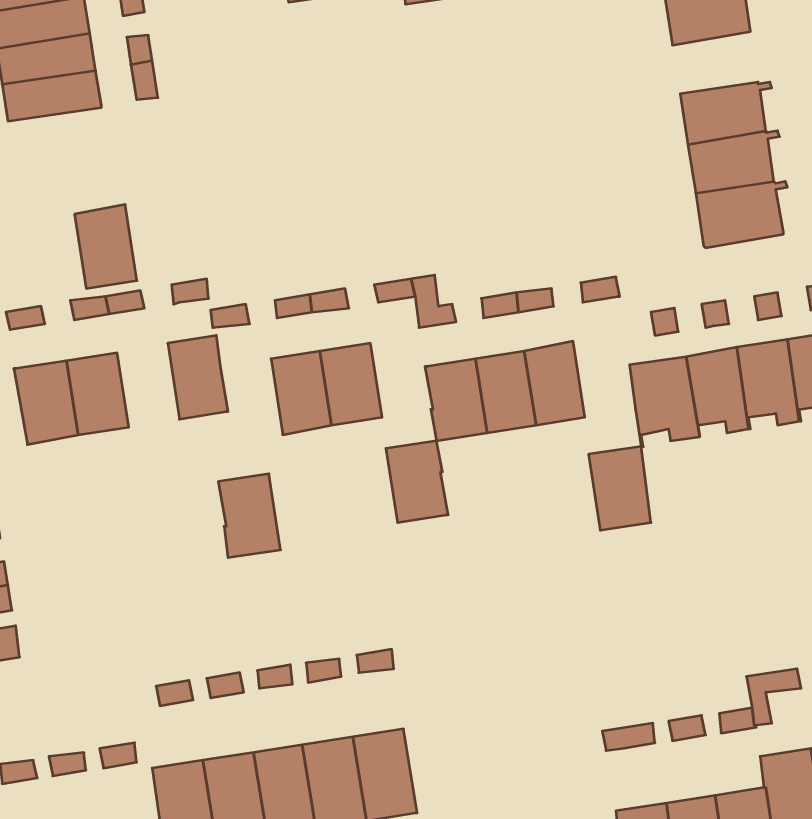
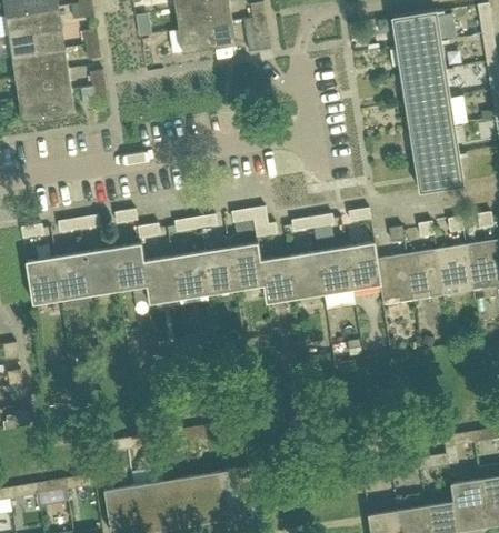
building: none -> [400,70,452,105]
building: [75,205,137,288] -> [83,248,119,295]
building: [386,441,448,523] -> [228,243,263,290]
building: [589,447,651,530] -> [343,242,379,290]
building: [218,474,281,558] -> [142,257,178,304]

